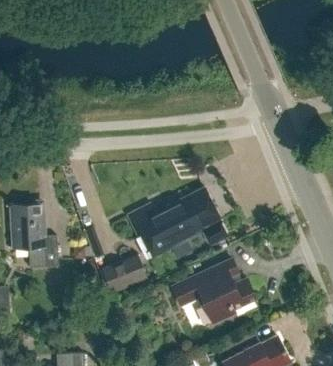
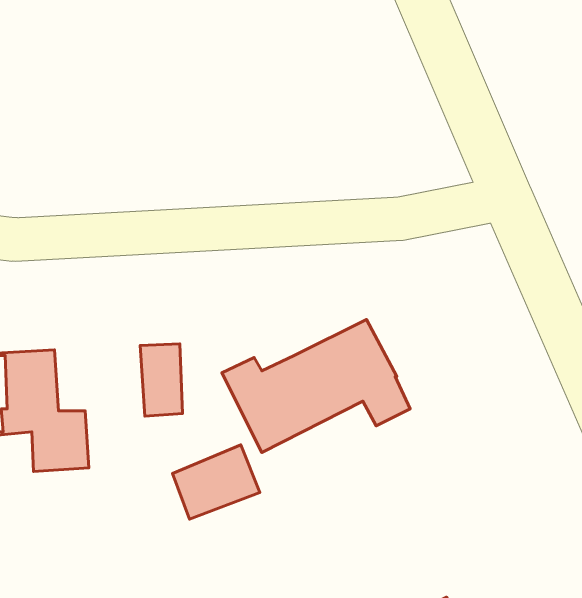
building: none -> [140,344,182,416]
building: [172,259,256,324] -> none

